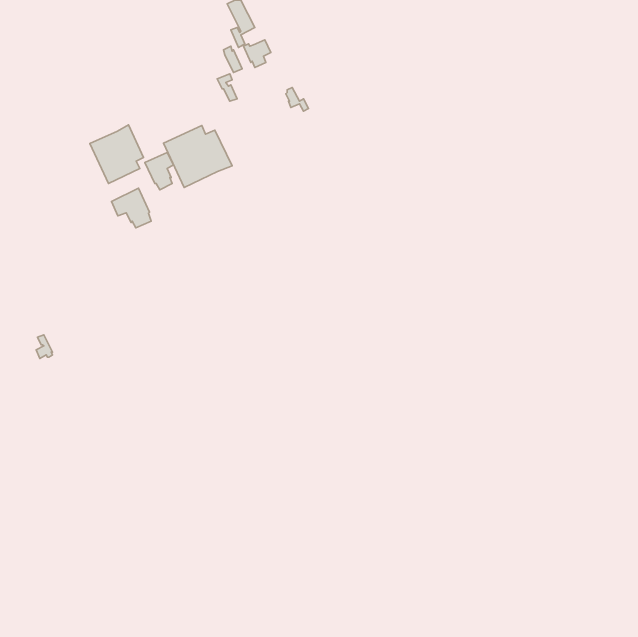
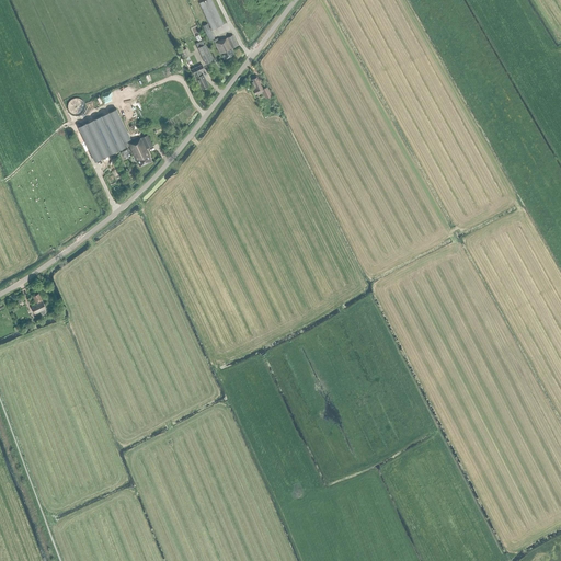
building: [163,126,232,188] -> none
building: [111,188,151,228] -> none

